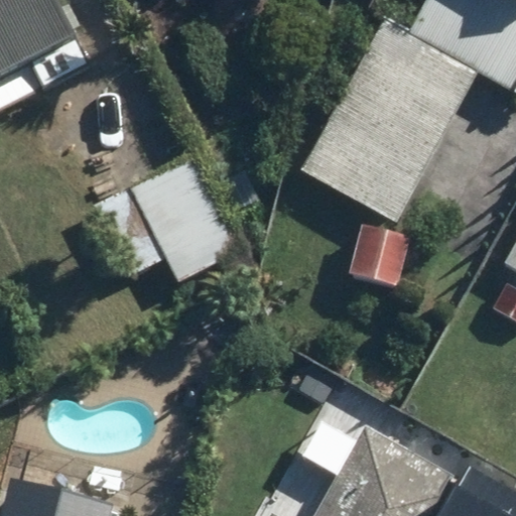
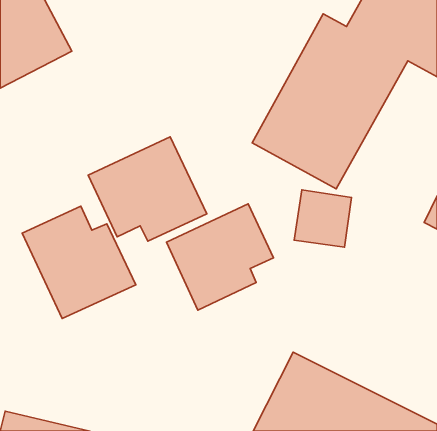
building: none -> [167,204,273,310]
building: none -> [22,206,136,319]

